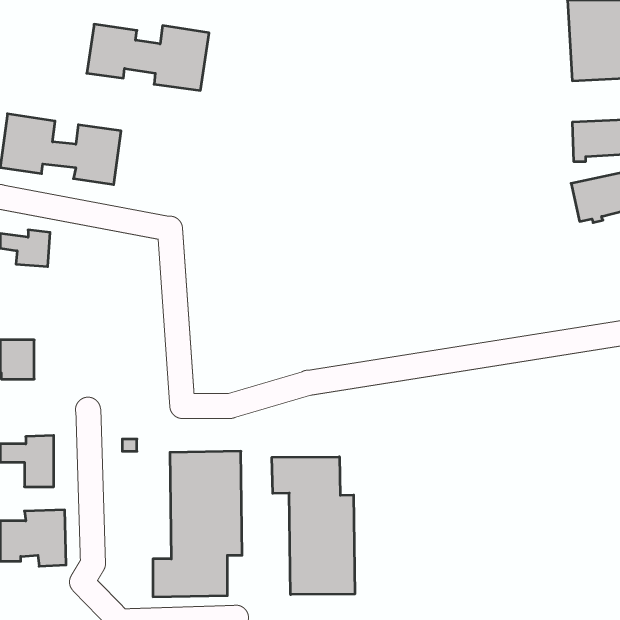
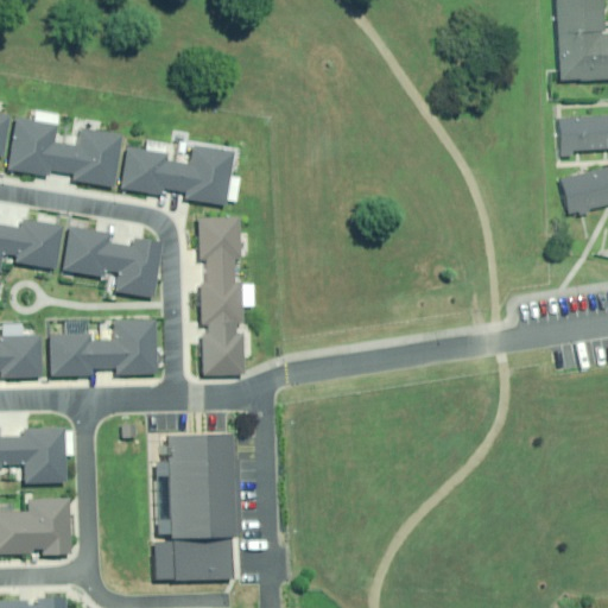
building: [87,24,209,90] -> [120,141,239,205]
building: none -> [201,221,245,373]
building: none -> [62,226,157,291]
building: none -> [48,323,151,378]
building: [272,457,355,595] -> none

